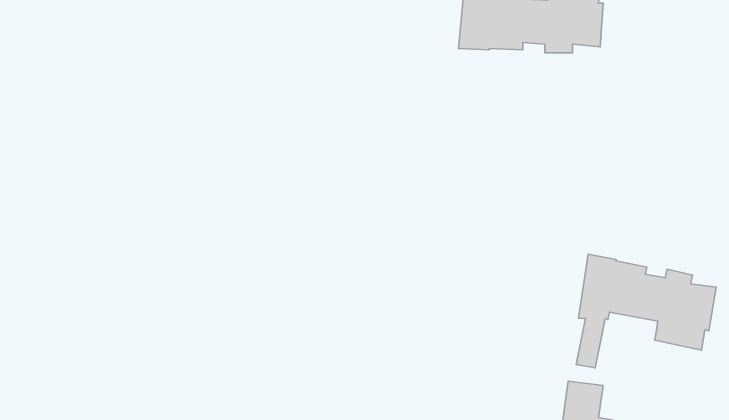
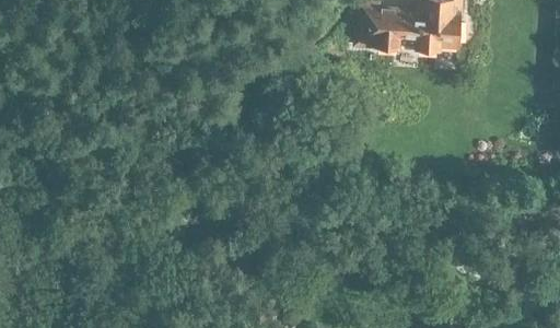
building: [576,254,716,368] -> none

